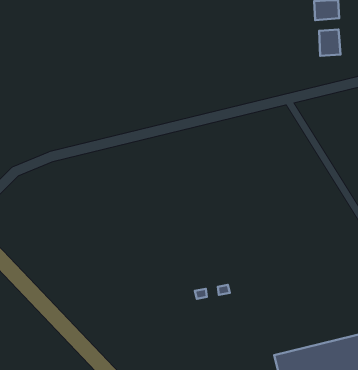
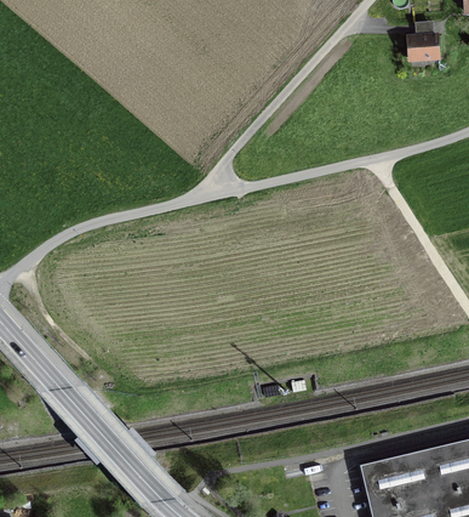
building: [319,29,340,56] -> none

